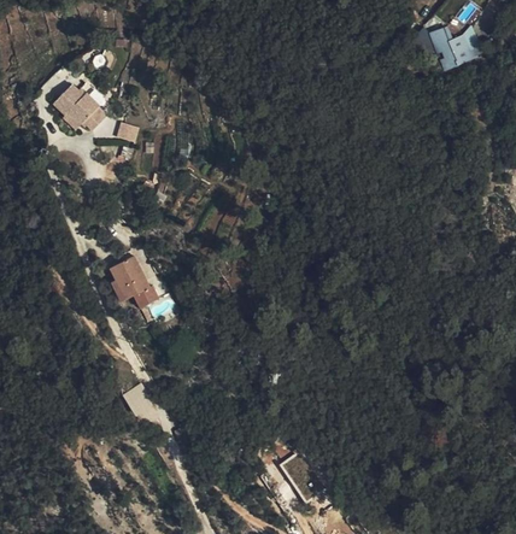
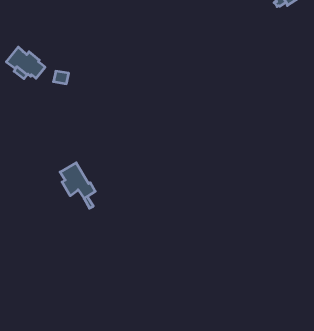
building: [282,453,322,500] -> none

